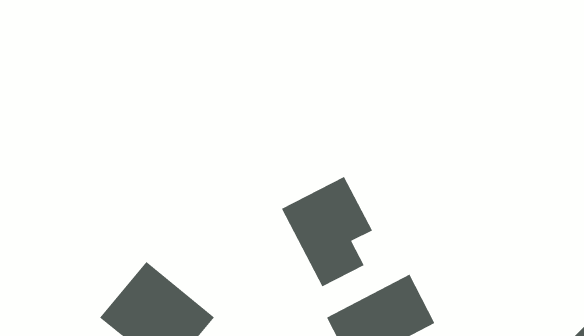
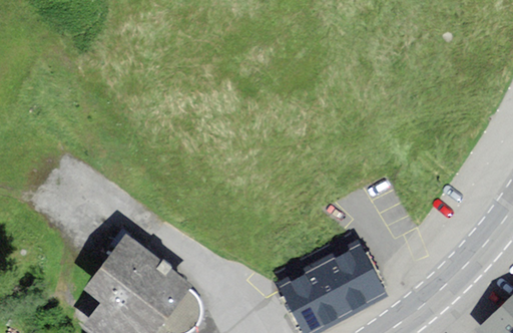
building: [281,176,373,287] -> none

